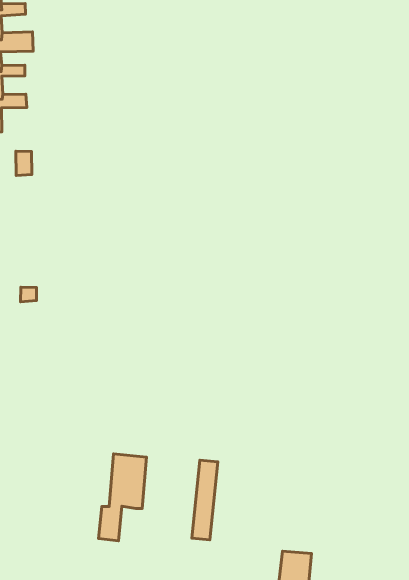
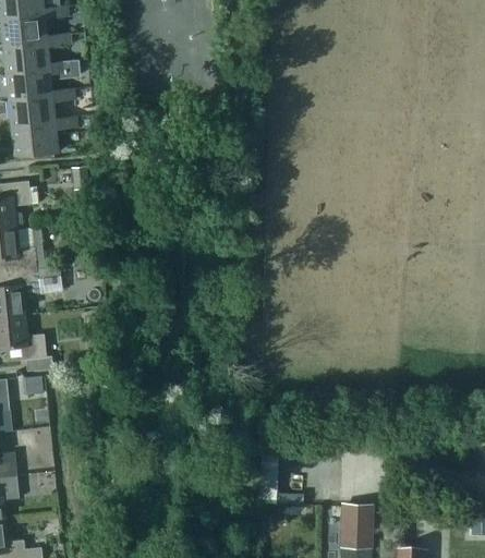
building: [98,454,147,541] -> none

